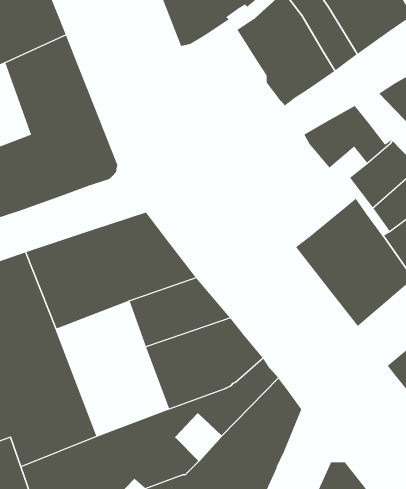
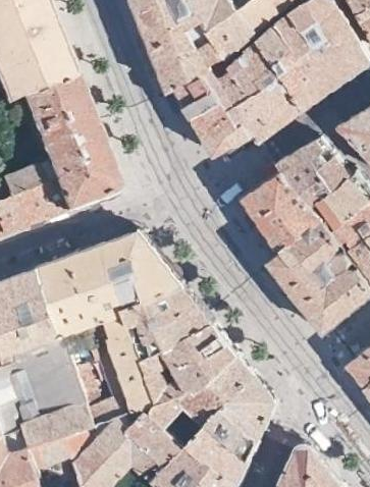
building: none -> [178,63,254,152]
building: none -> [246,172,322,252]
building: none -> [61,308,159,425]

